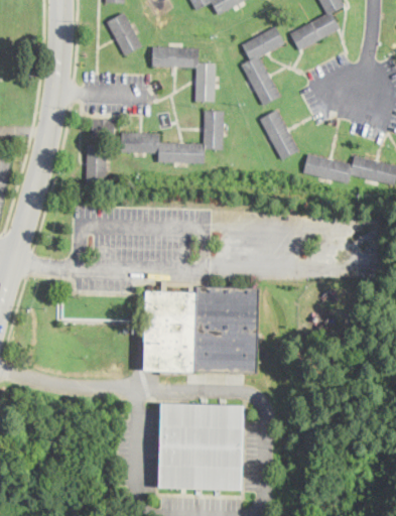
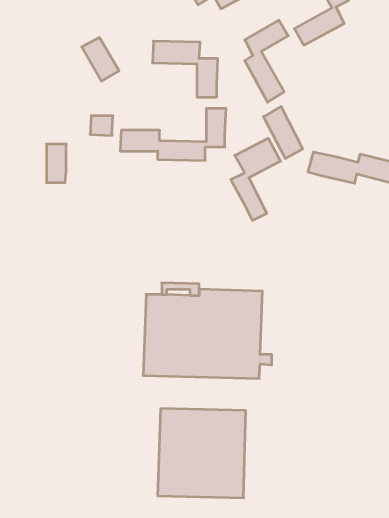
building: [107,13,143,55] -> [82,38,119,81]
building: none -> [231,138,281,220]
building: [87,146,106,183] -> [46,144,66,183]

